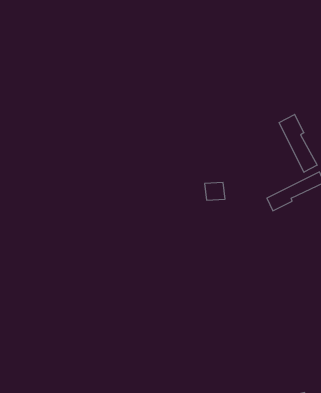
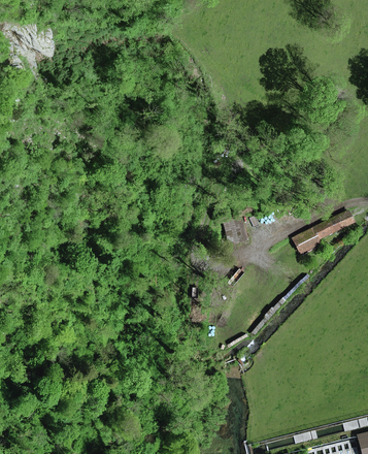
building: [279,114,317,172] -> none

